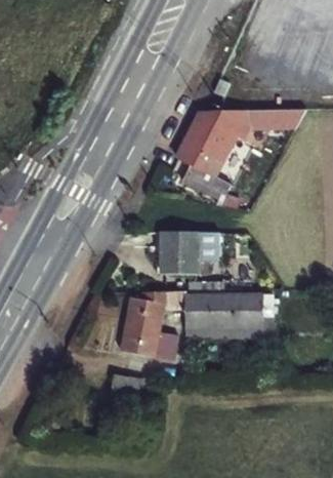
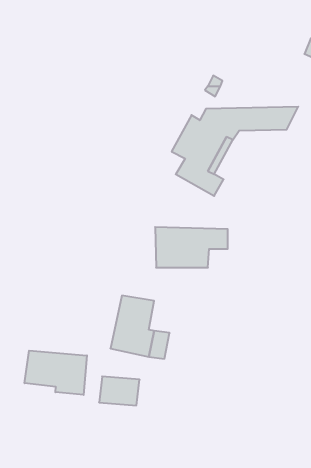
building: [161,289,261,326] -> none
building: none -> [25,351,87,395]

